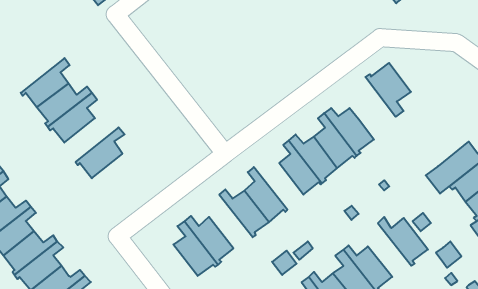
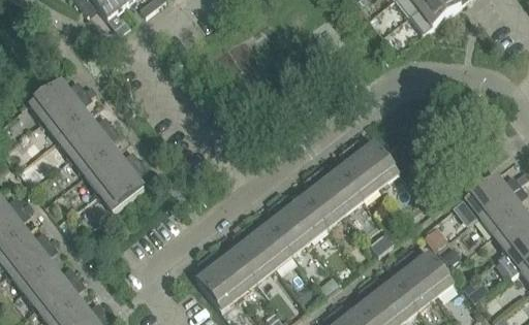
building: none -> [29,78,85,124]
building: [365,63,411,117] -> none
building: none -> [85,150,139,194]
building: none -> [277,194,328,242]
building: none -> [231,227,276,282]
building: none -> [393,255,437,311]

